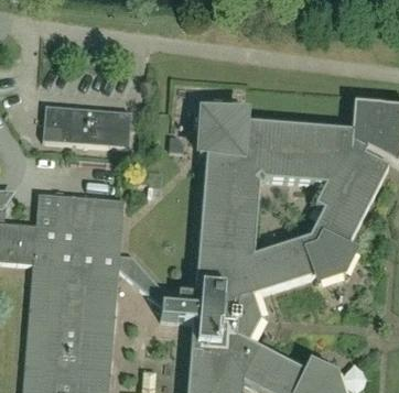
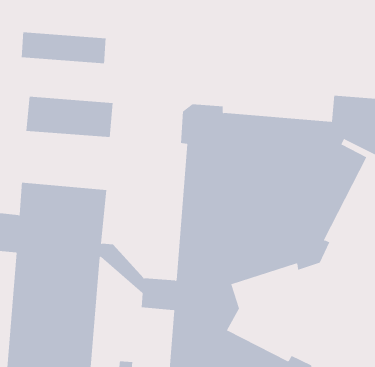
building: none -> [21,32,106,64]

